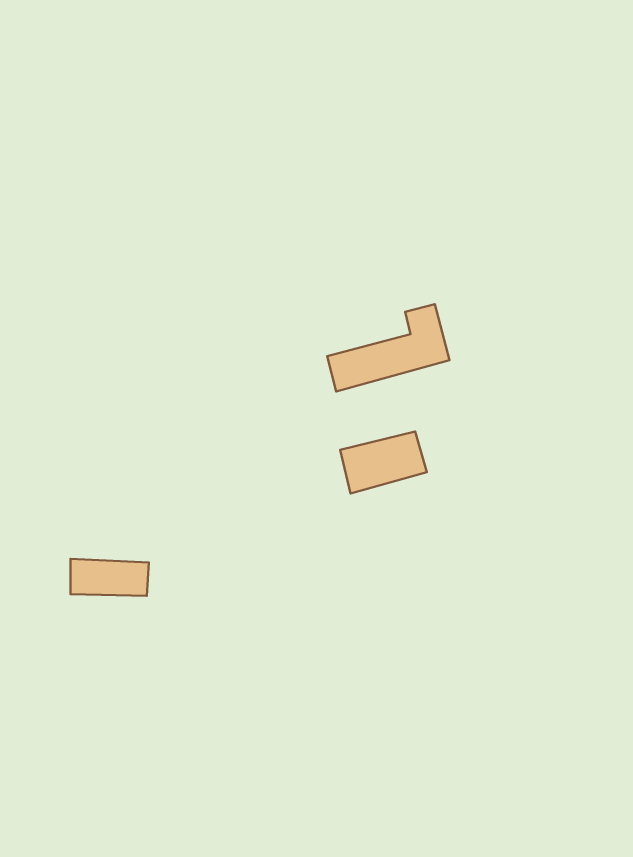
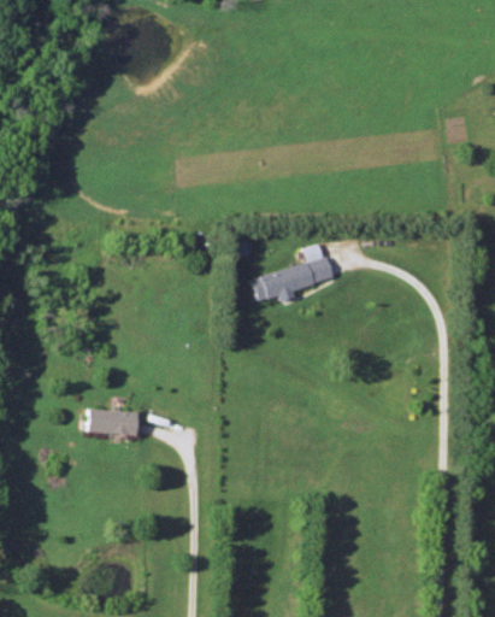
building: [340,431,427,493] -> none

